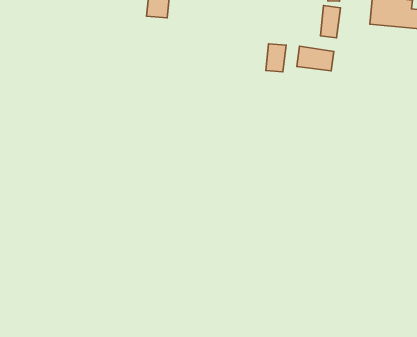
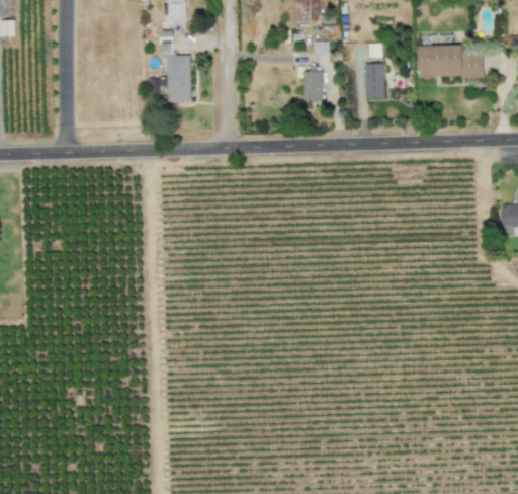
building: [266,44,286,72] -> [301,71,322,102]
building: [297,46,334,71] -> none

